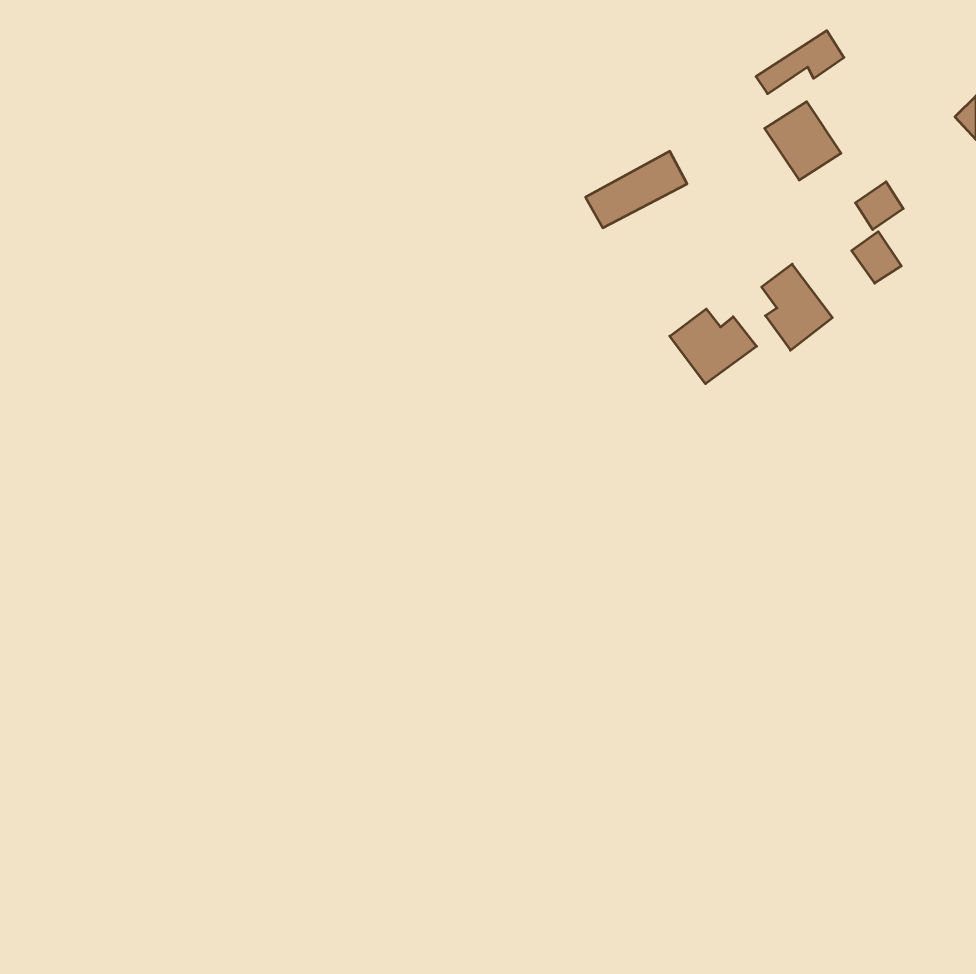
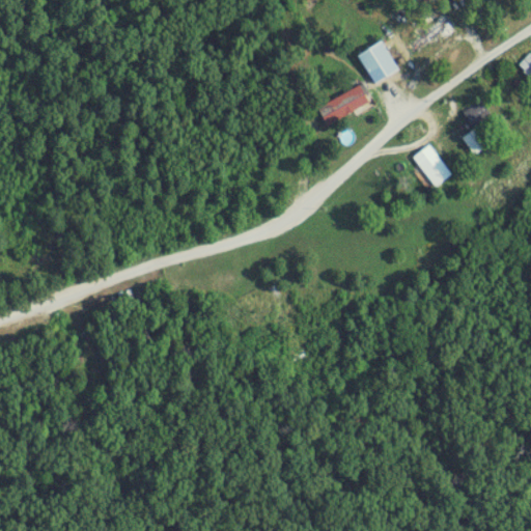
building: [765,102,841,180] -> [357,39,398,82]
building: [670,309,757,384] -> none

